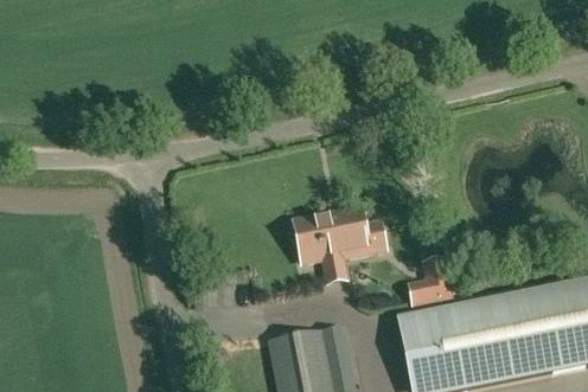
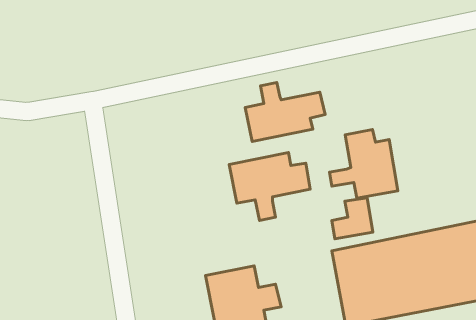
building: none -> [245,82,325,141]
building: none -> [329,129,398,198]

